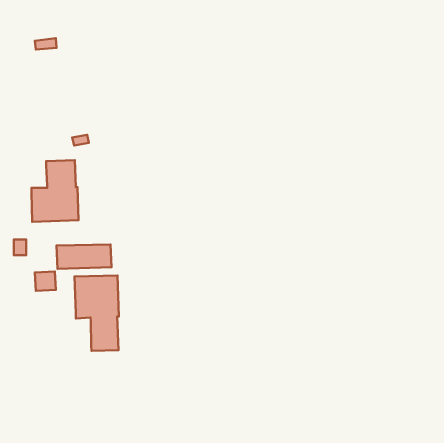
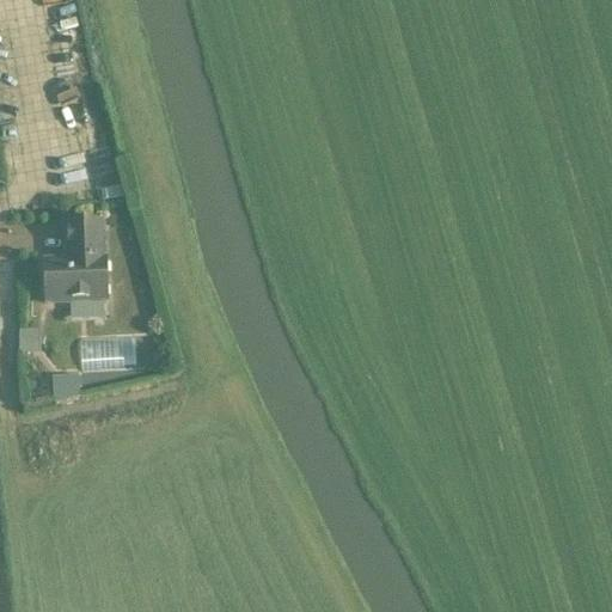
building: [74,275,119,351] -> none

